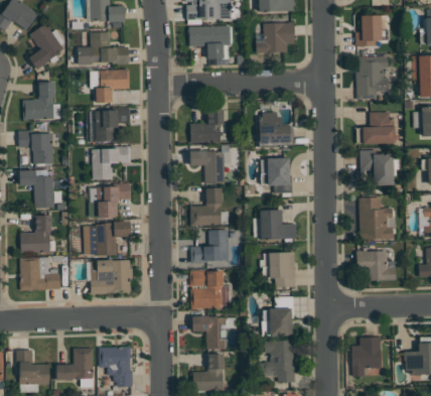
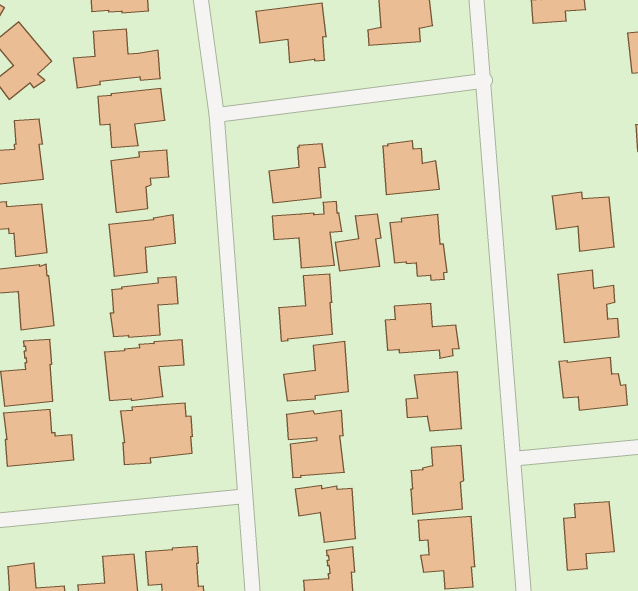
building: [356,56,390,100] -> none
building: [356,112,396,144] -> none
building: none -> [336,214,381,271]

